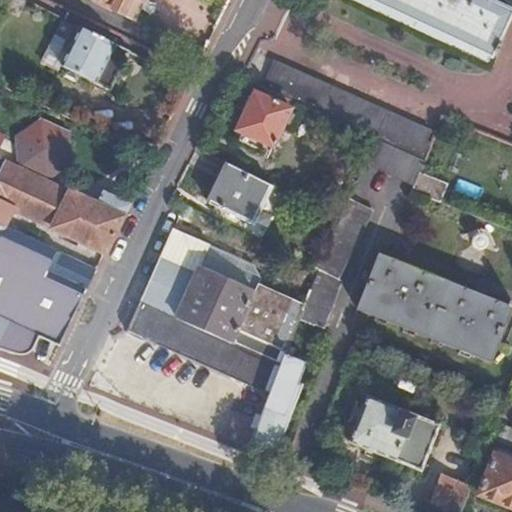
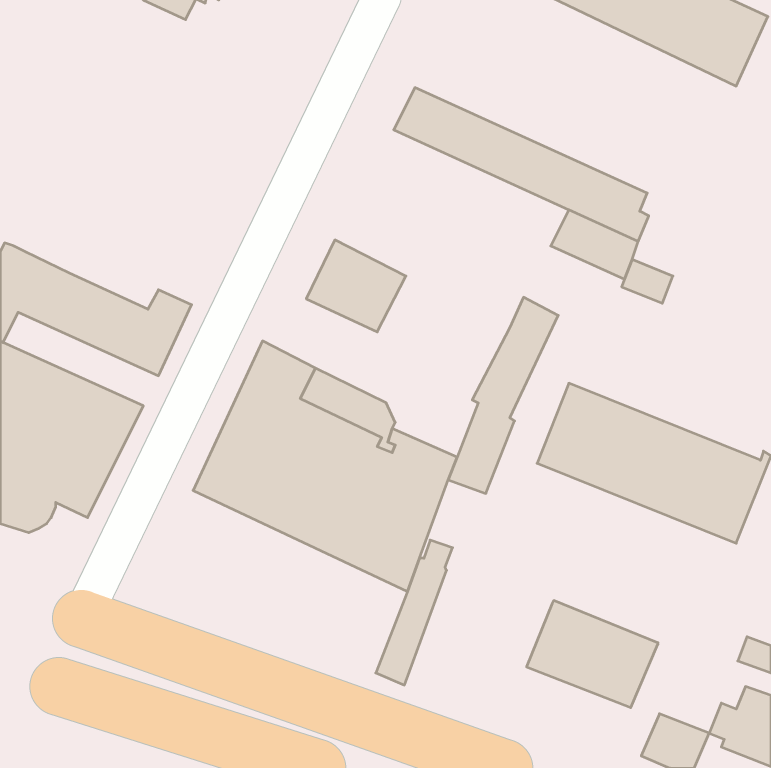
building: [61,22,128,89] -> none
building: [233,91,290,146] -> none
building: [16,122,68,181] -> none

